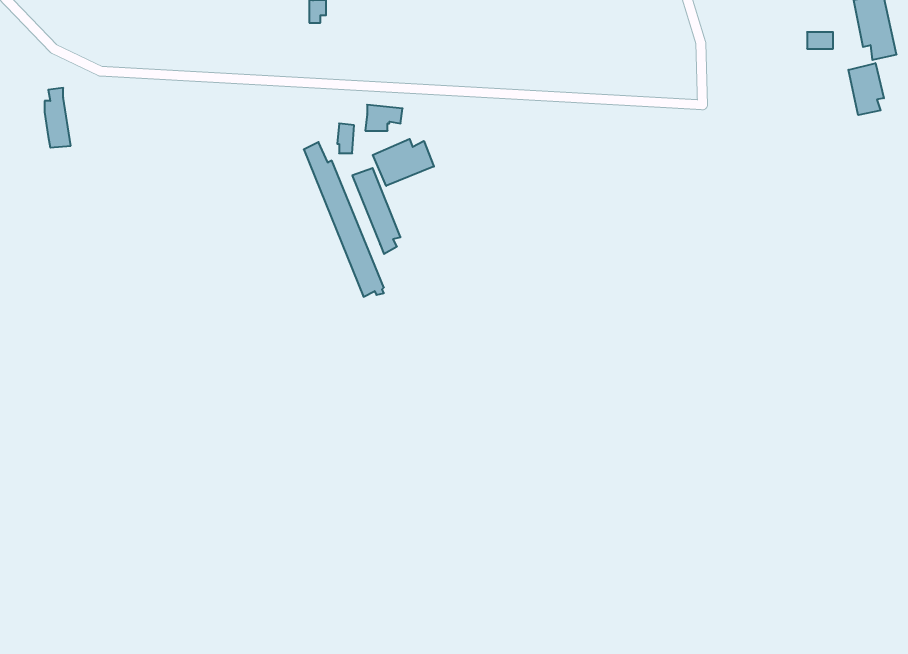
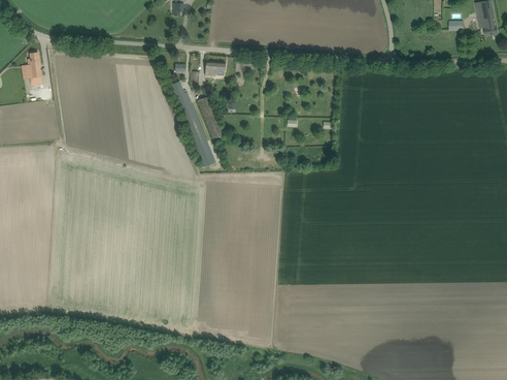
building: [848,63,884,115] -> none
building: [373,139,434,186] -> none

